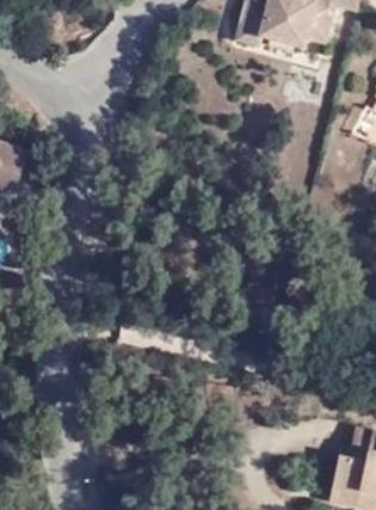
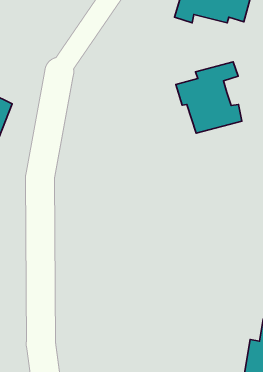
building: none -> [176,62,242,133]

